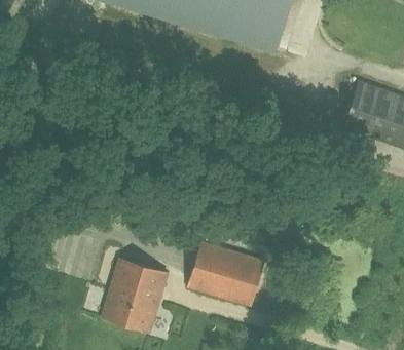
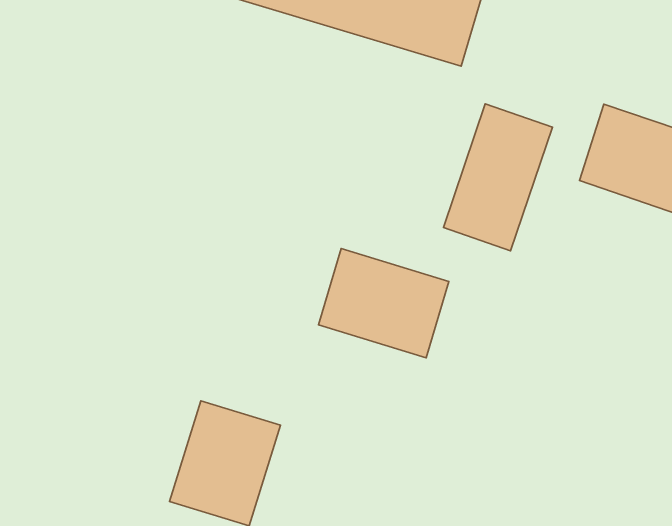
building: none -> [443,104,553,251]
building: [186,240,263,305] -> [319,249,449,358]

